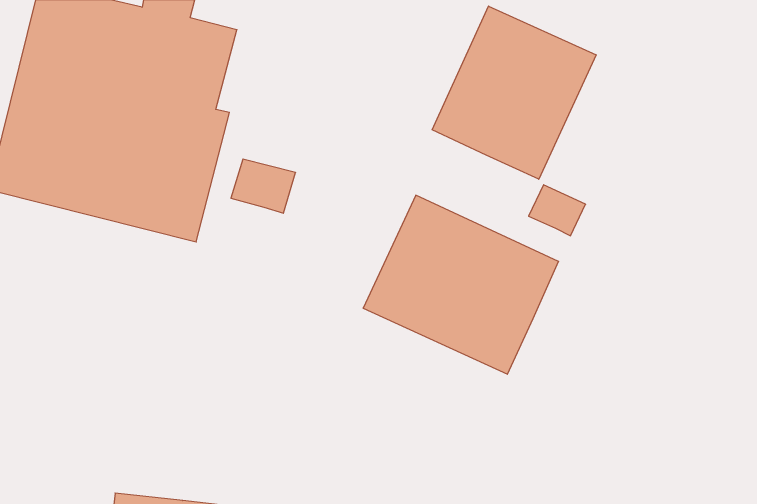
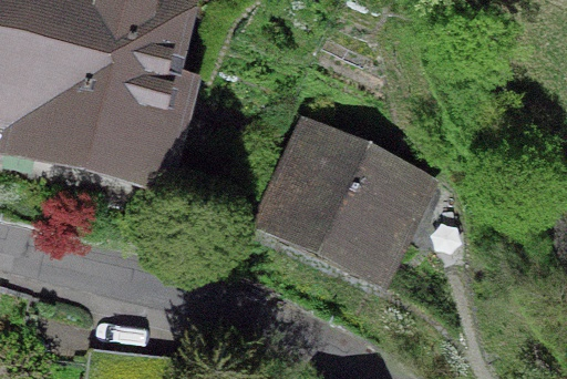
building: [432,6,596,179] -> none

